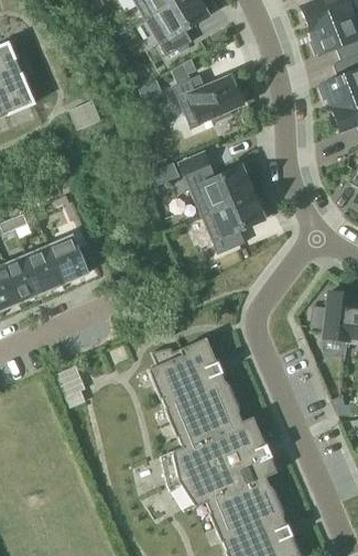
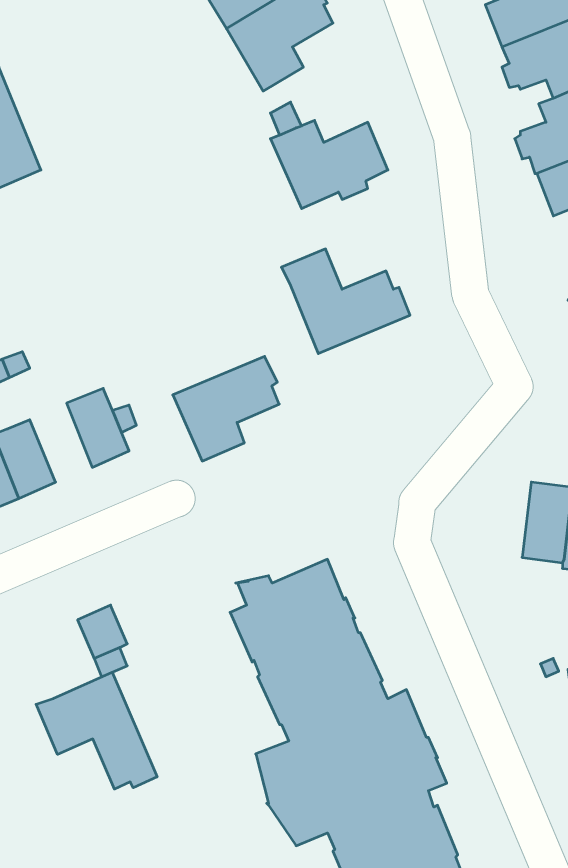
building: [200,190,264,253] -> [173,356,279,461]
building: [28,243,65,291] -> none
building: none -> [36,672,157,789]

